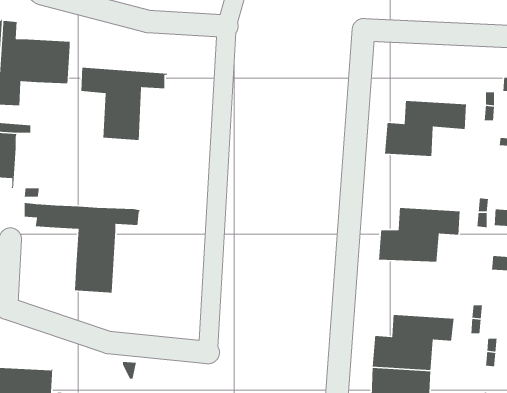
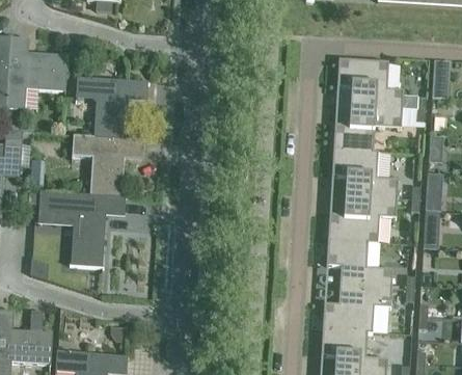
building: none -> [336,59,403,107]
building: none -> [73,135,145,195]
building: none -> [331,150,398,197]
building: none -> [326,239,392,288]

